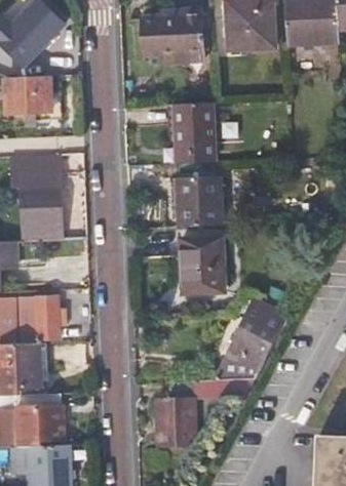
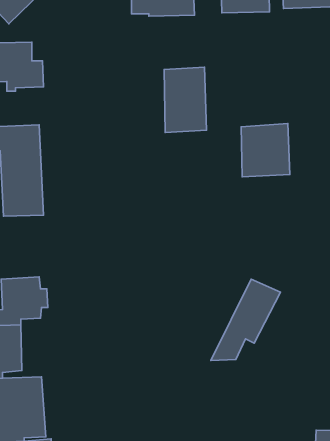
building: [176,176,222,227] -> [241,123,290,177]
building: [180,239,224,294] -> none
building: [155,377,253,447] -> none

